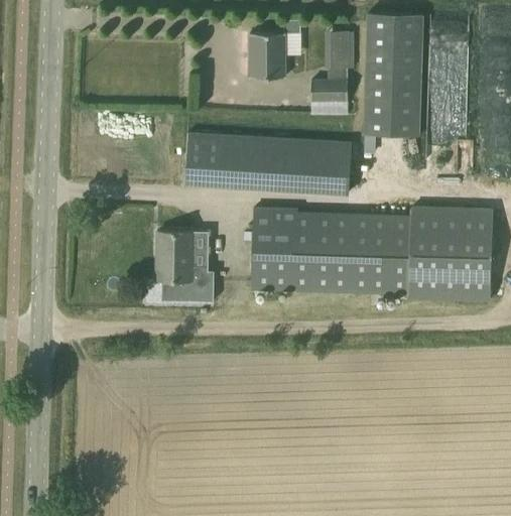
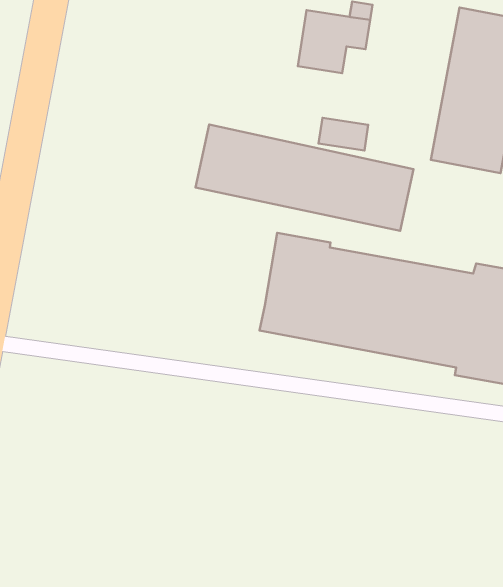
building: [326,31,354,69] -> none
building: [311,81,348,101] -> [319,118,368,150]
building: [157,232,215,301] -> none

